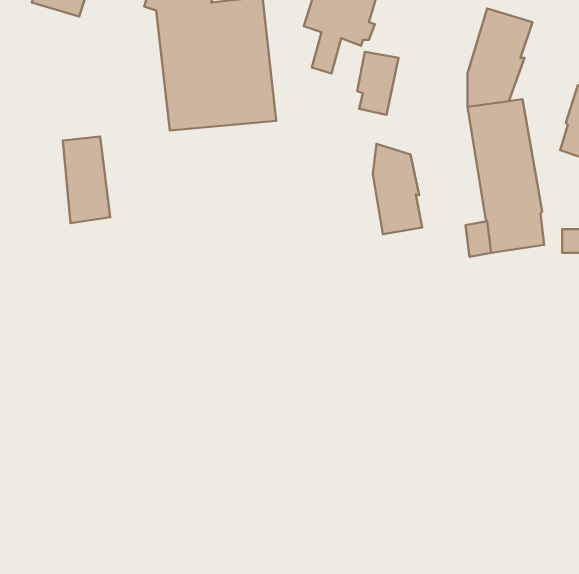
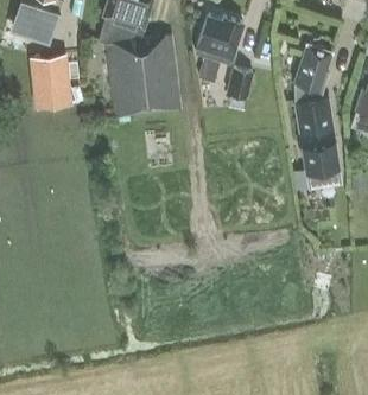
building: [63,136,110,223] -> [36,55,64,107]
building: [373,144,422,234] -> none

